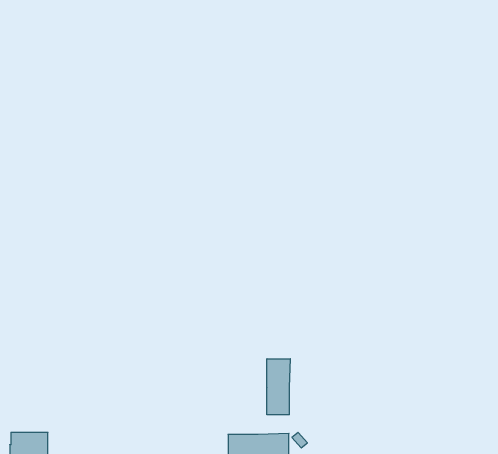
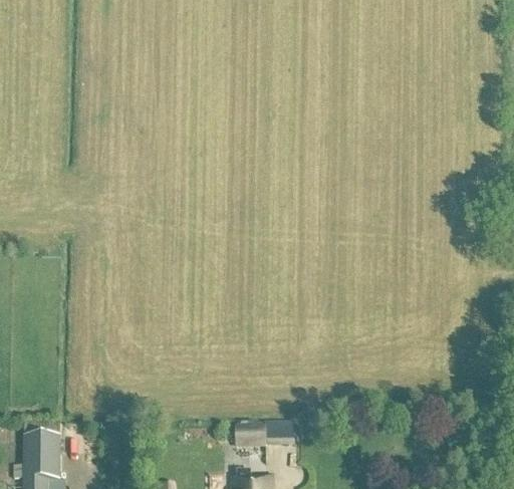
building: [267,359,290,415] -> none

